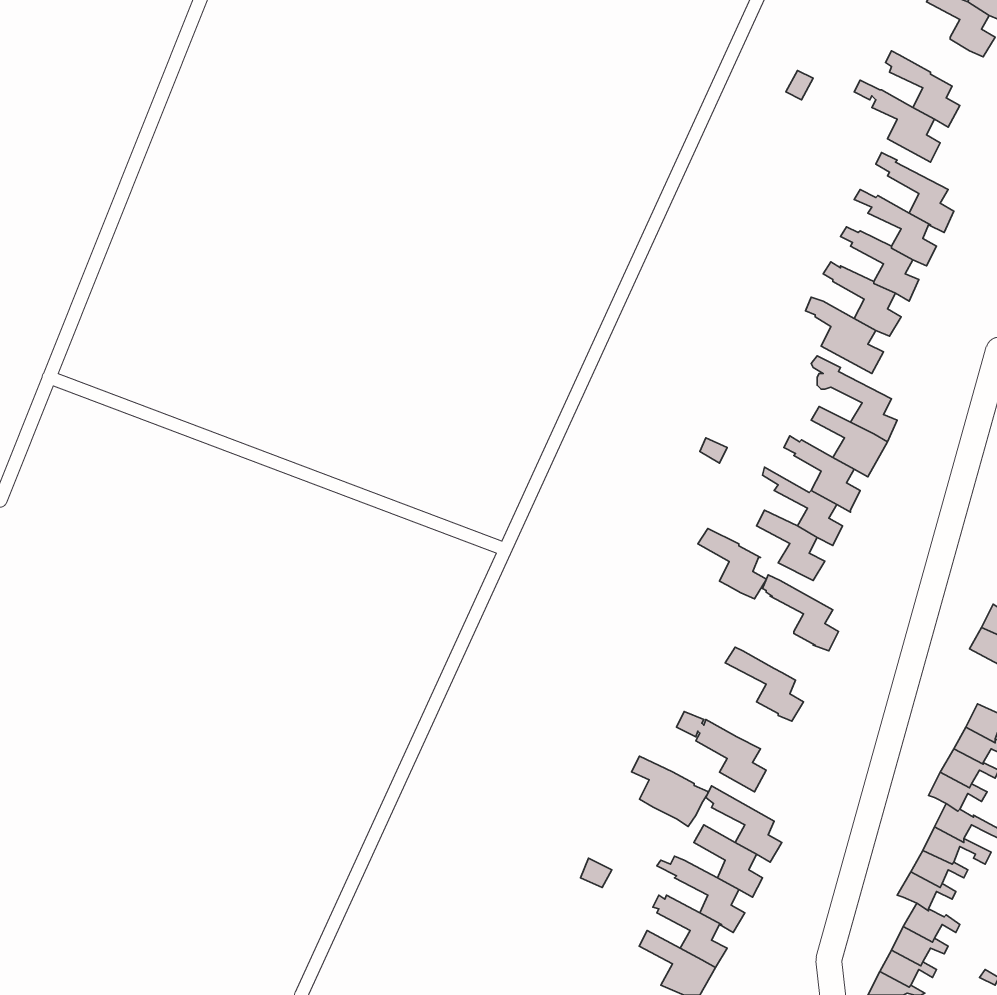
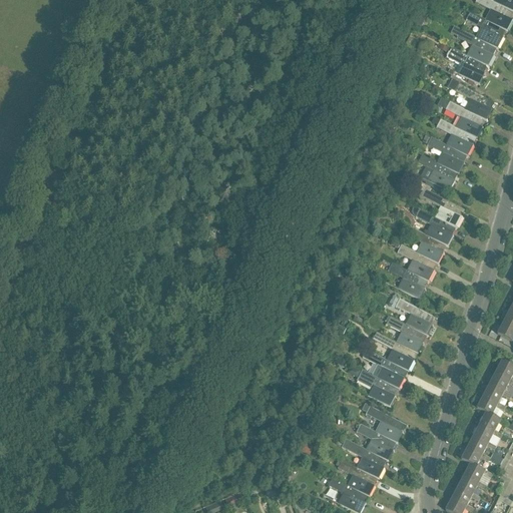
building: none -> [467,10,502,47]
building: [698,528,766,599] -> [387,316,422,352]
building: [632,756,708,827] -> [368,352,407,388]

